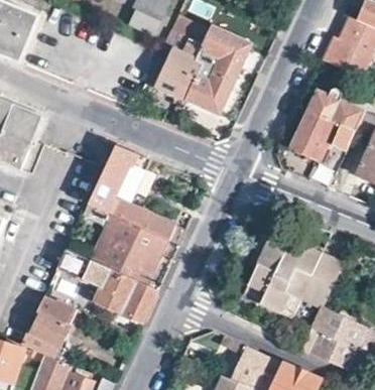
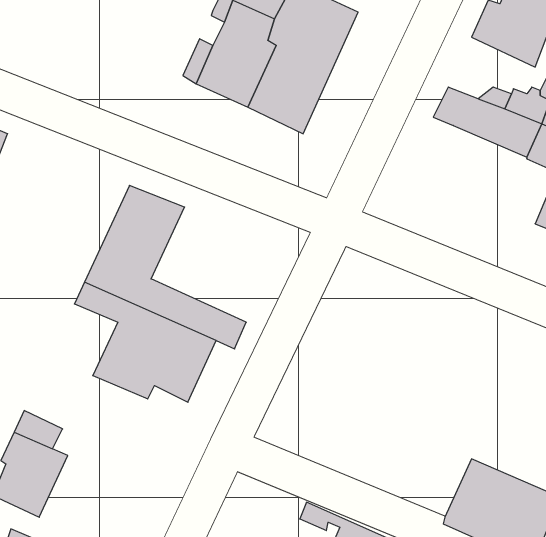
building: [292,110,355,165] -> none
building: [242,231,342,320] -> none
building: [58,249,158,324] -> none

